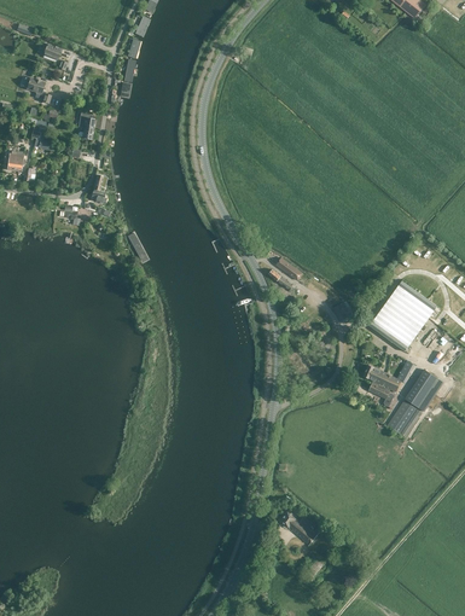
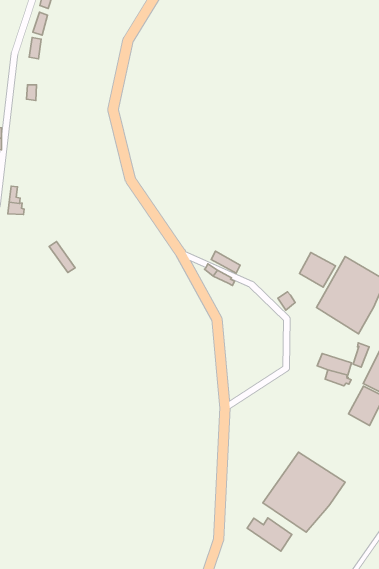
building: none -> [300,253,336,287]
building: none -> [263,452,345,532]

